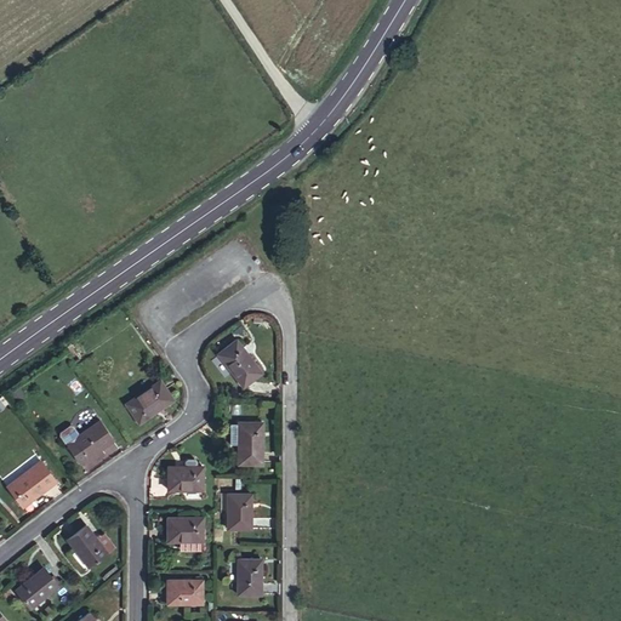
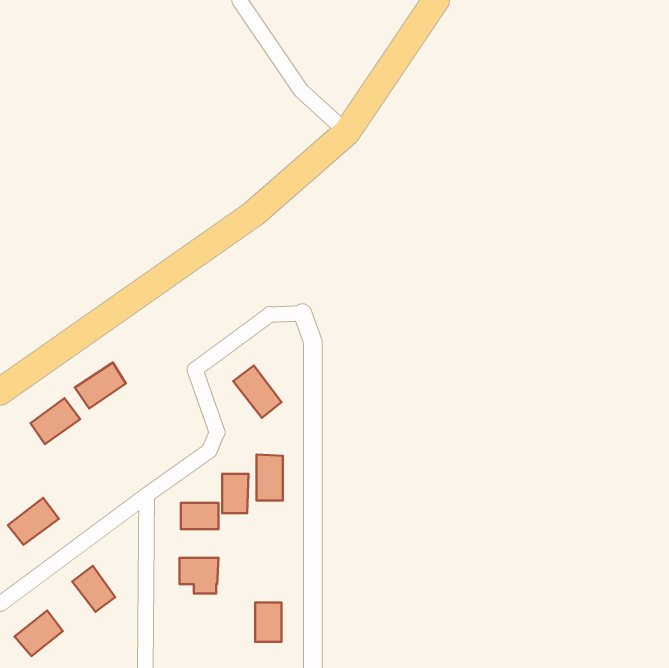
building: [125,381,172,423] -> [75,363,126,408]
building: [67,421,113,463] -> [30,398,80,444]
building: [227,494,251,530] -> [222,474,248,513]
building: [166,580,201,604] -> none

